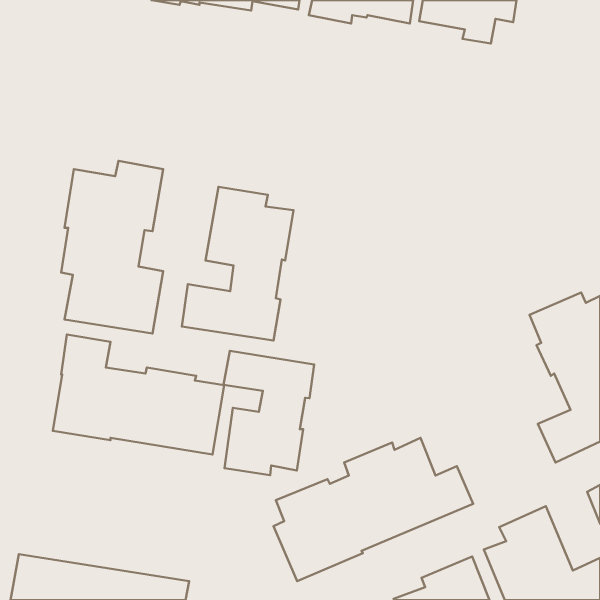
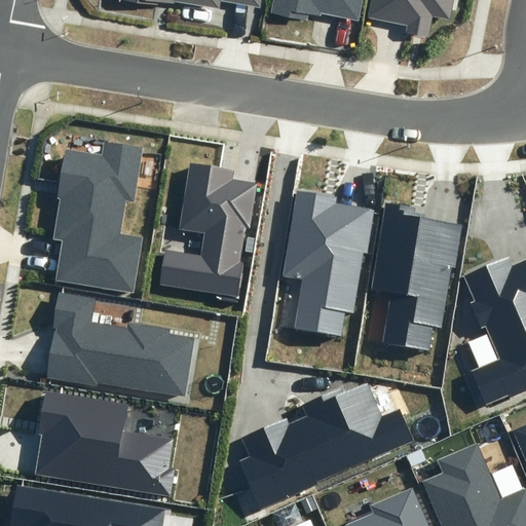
building: none -> [284,191,375,335]
building: none -> [369,201,463,350]
building: [224,351,314,475] -> none
building: none -> [35,390,176,498]

